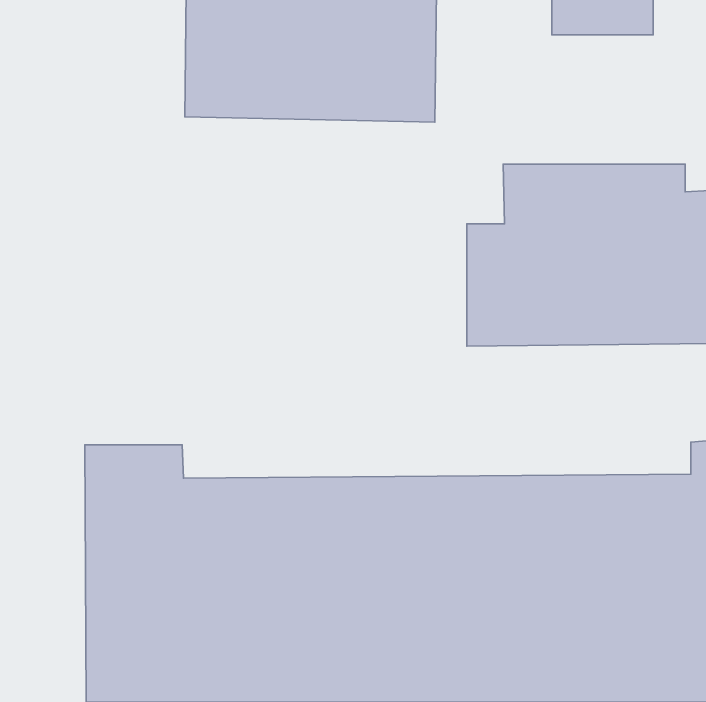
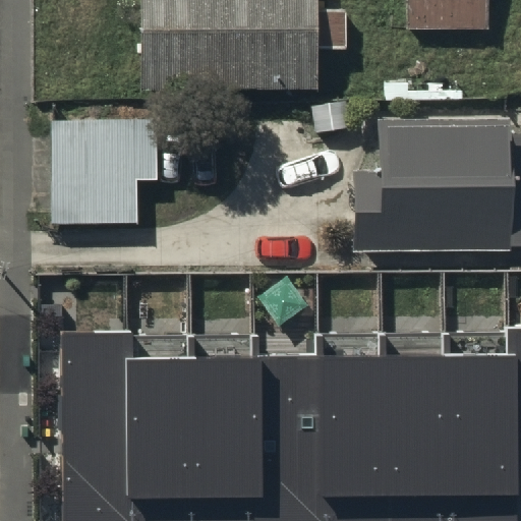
building: none -> [52,119,159,221]

